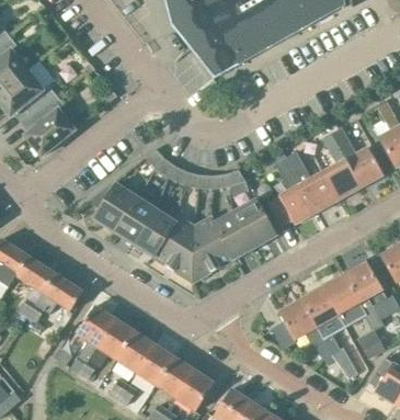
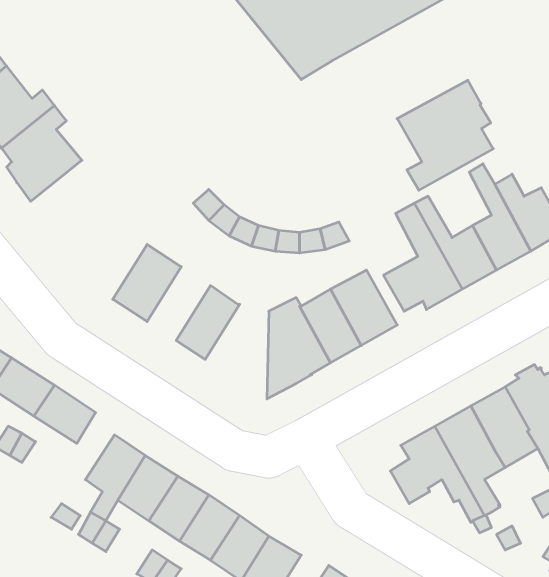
building: none -> [397,80,493,190]
building: [115,196,156,243] -> none
building: [152,215,193,281] -> none

